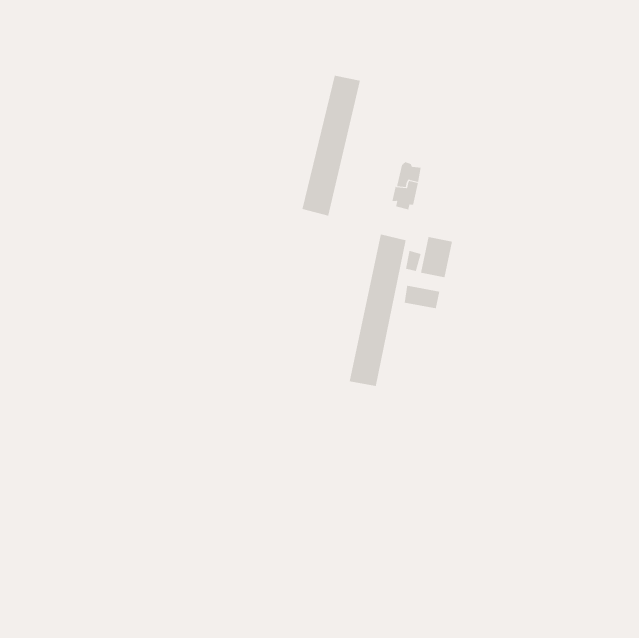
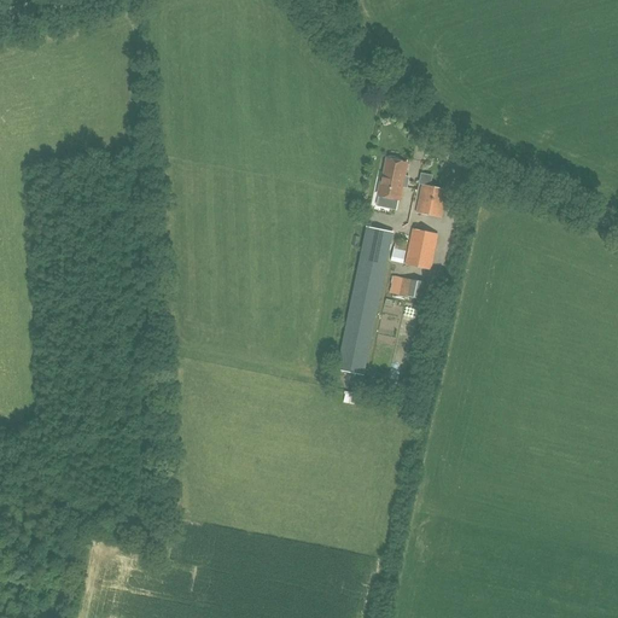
building: [302,75,361,216] -> none
building: none -> [416,183,447,217]

